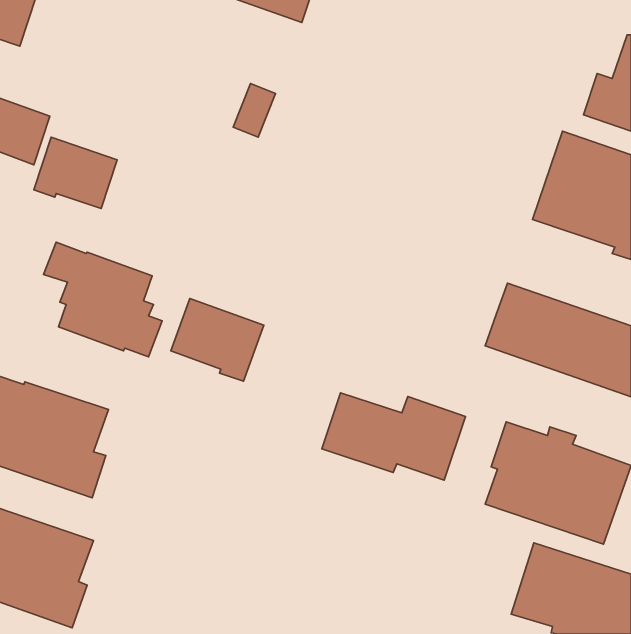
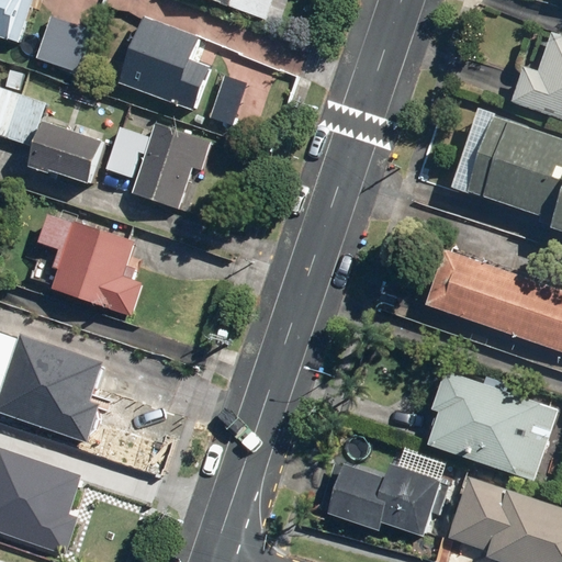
building: none -> [34,14,92,72]
building: none -> [117,14,211,108]
building: none -> [104,122,210,207]
building: [171,298,264,381] -> none
building: [322,393,465,480] -> [316,460,442,537]

